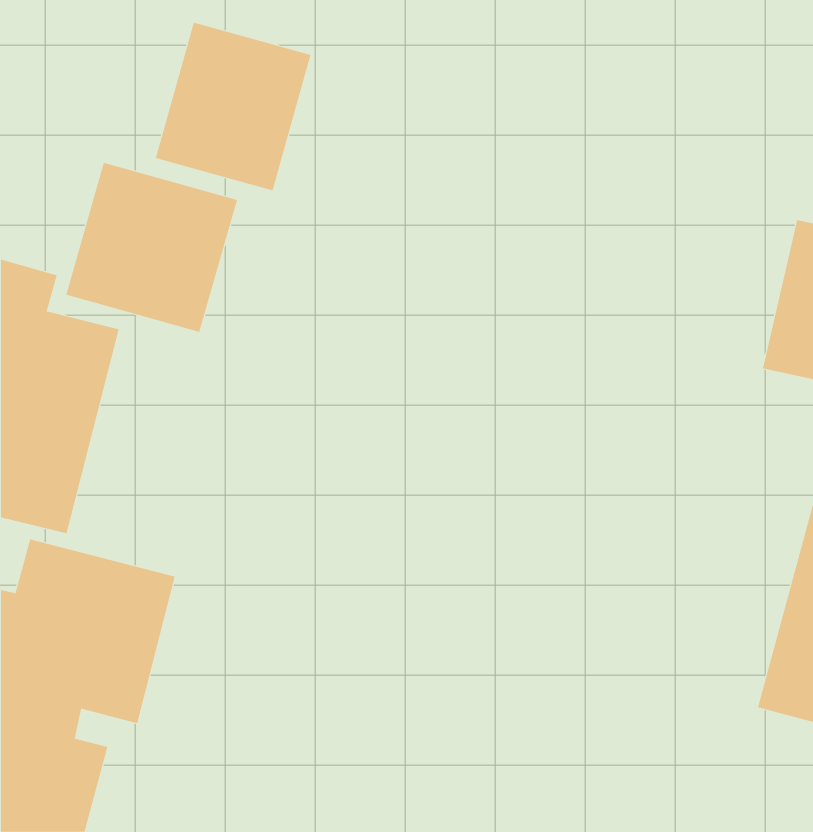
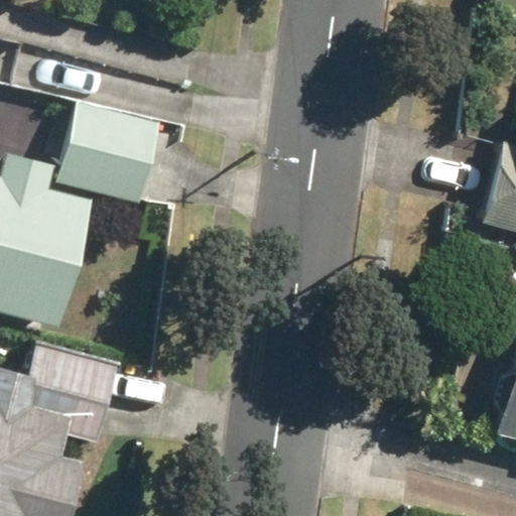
building: [155,22,311,191] -> none

